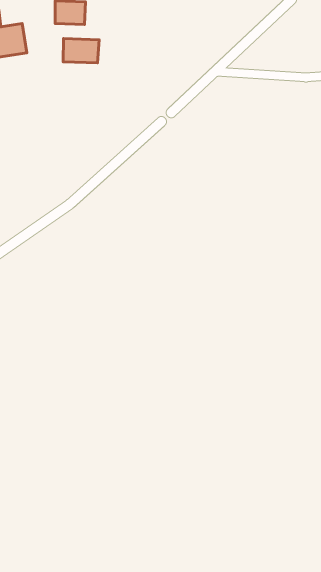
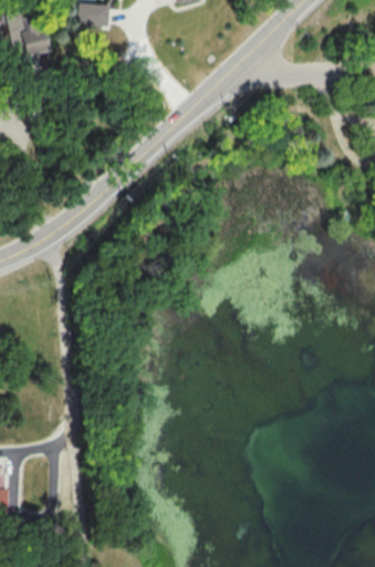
building: [63,39,99,63] -> none

